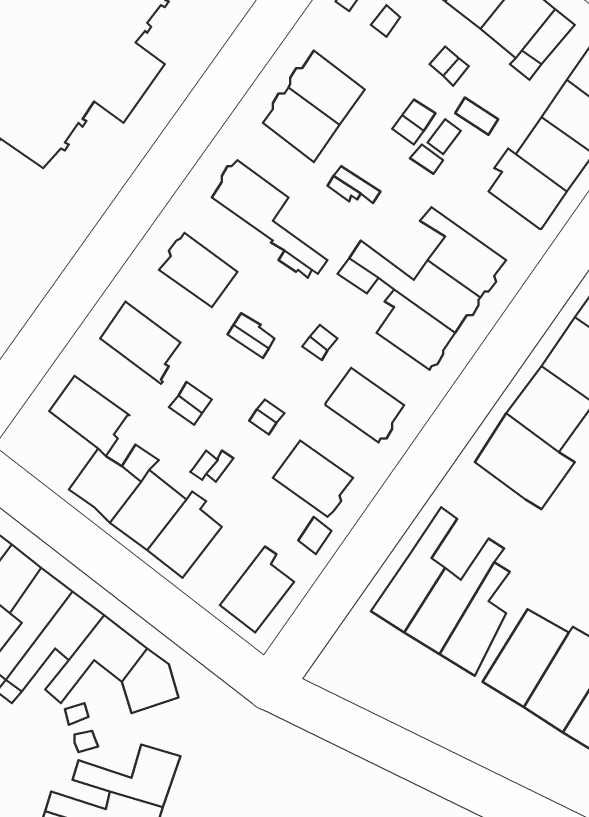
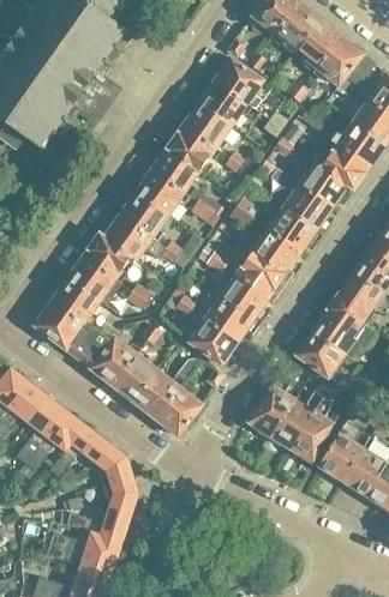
building: none -> [214,58,262,108]
building: none -> [167,123,214,169]
building: none -> [286,162,352,207]
building: none -> [134,169,188,215]
building: none -> [100,213,151,259]
building: none -> [237,252,285,296]
building: none -> [67,255,120,306]
building: none -> [202,290,253,340]
building: none -> [37,300,82,348]
building: none -> [294,331,343,378]
building: none -> [133,356,199,418]
building: none -> [102,475,137,511]

